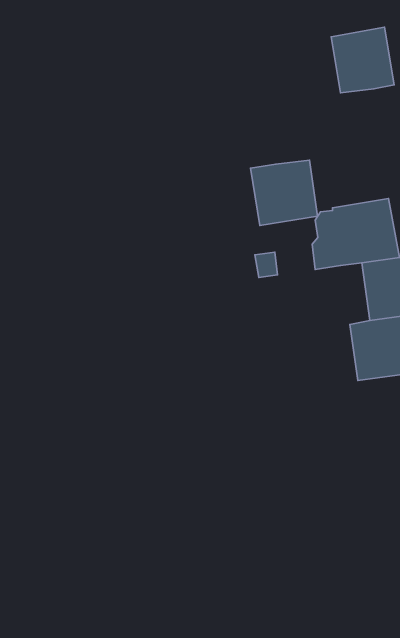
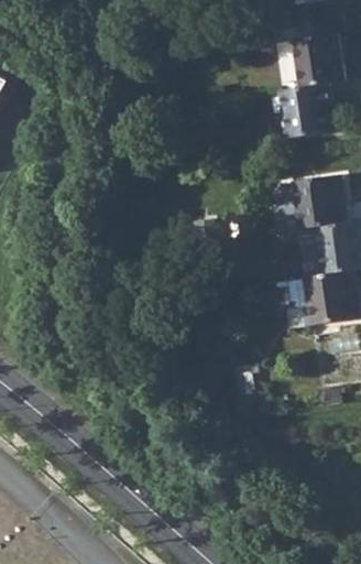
building: [251,160,318,226] -> [276,84,331,138]

